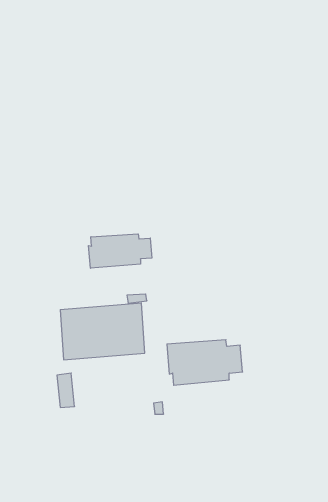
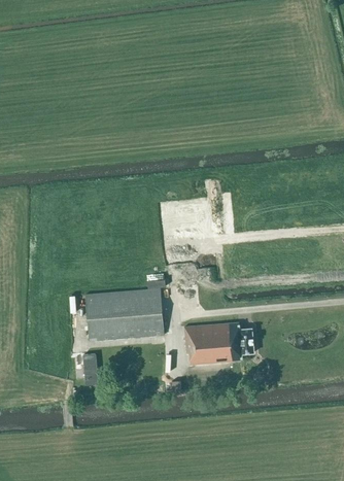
building: [89,234,152,268] -> none

